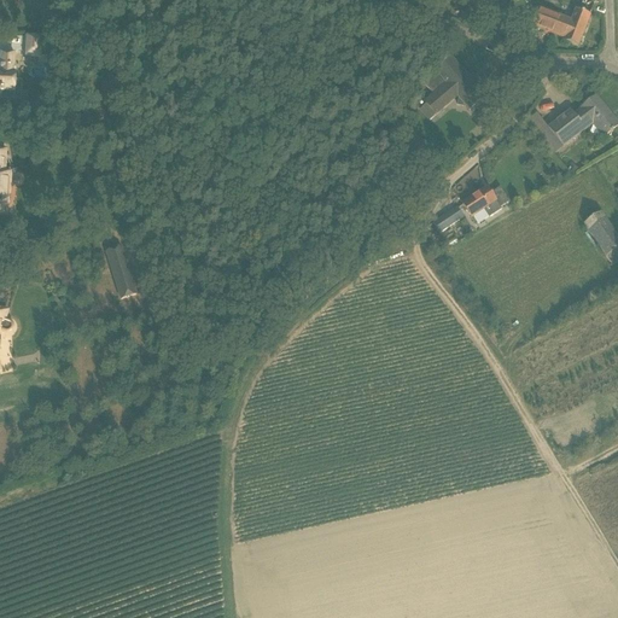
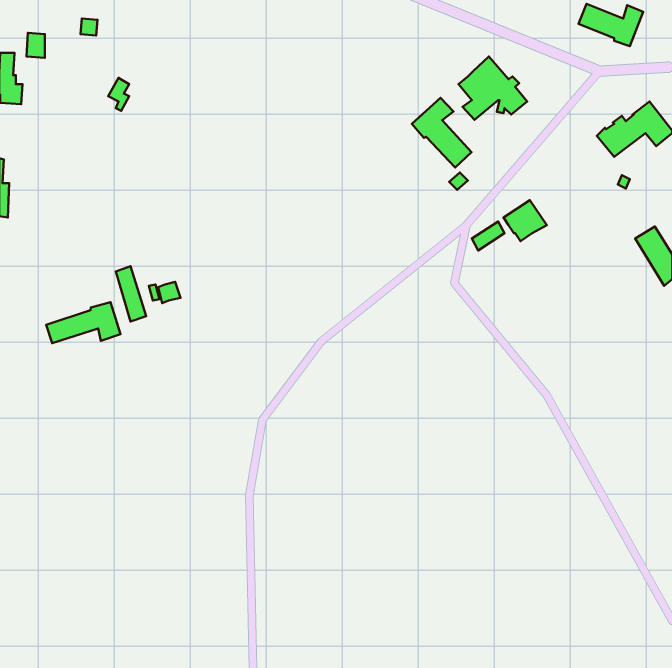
building: none -> [412,98,472,167]
building: none -> [46,302,121,343]

